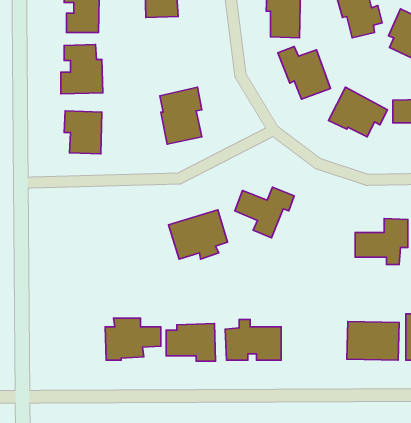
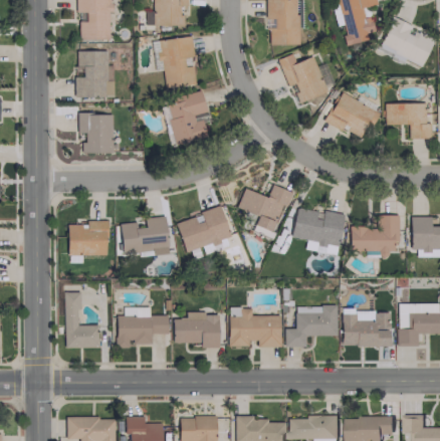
building: none -> [159,36,196,88]
building: none -> [292,206,345,255]
building: none -> [121,216,170,255]
building: none -> [68,223,107,255]
building: none -> [64,292,99,348]
building: none -> [285,305,338,348]

